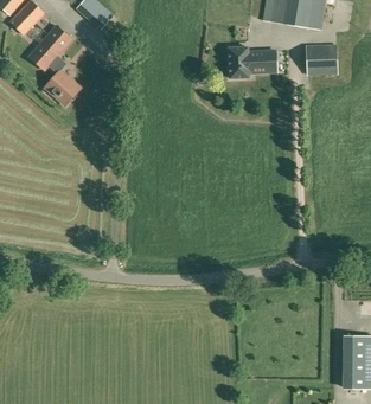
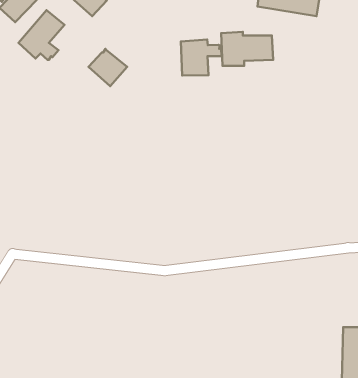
building: [305,44,337,75] -> none
building: none -> [181,40,221,76]
building: [43,69,81,105] -> [89,49,127,86]

